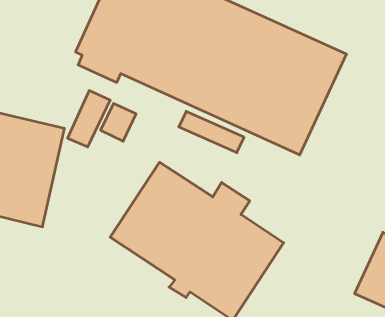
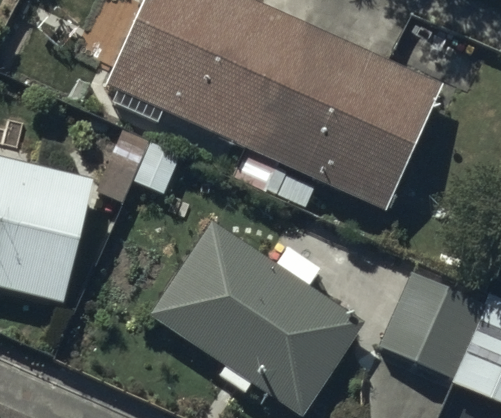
building: none -> [380,271,484,377]

